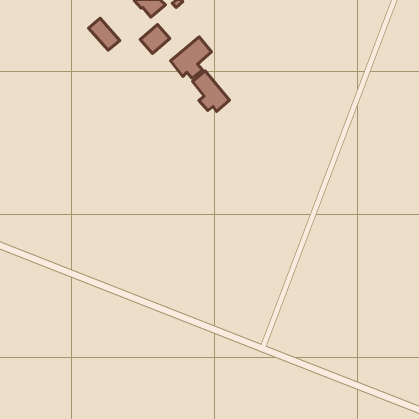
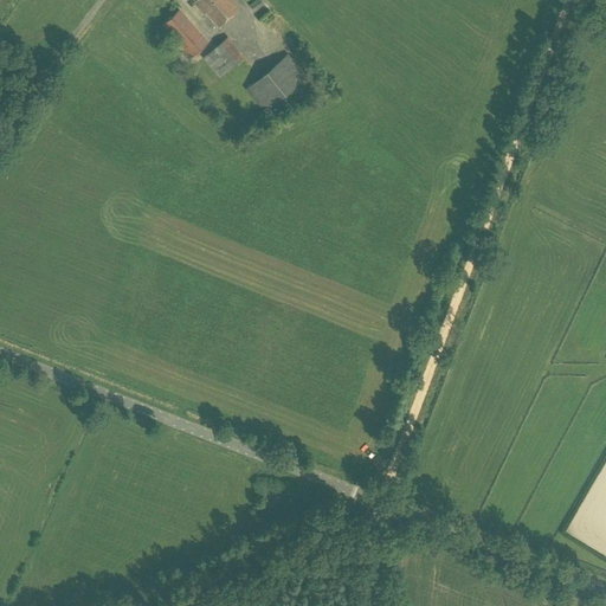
building: [89,18,120,50] -> [162,9,207,56]
building: [192,71,229,111] -> none

